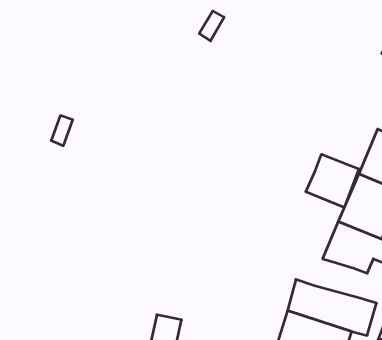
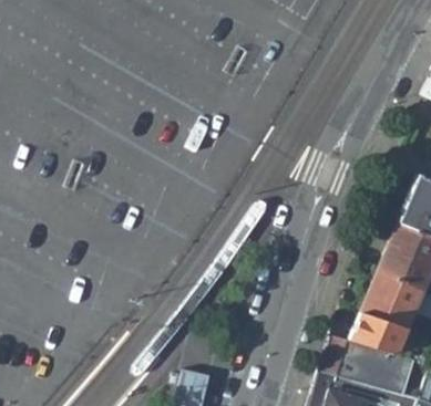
building: [306,154,359,207] -> none
building: none -> [353,312,410,354]

